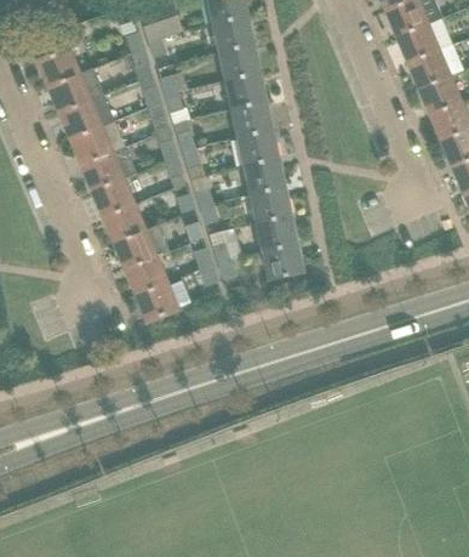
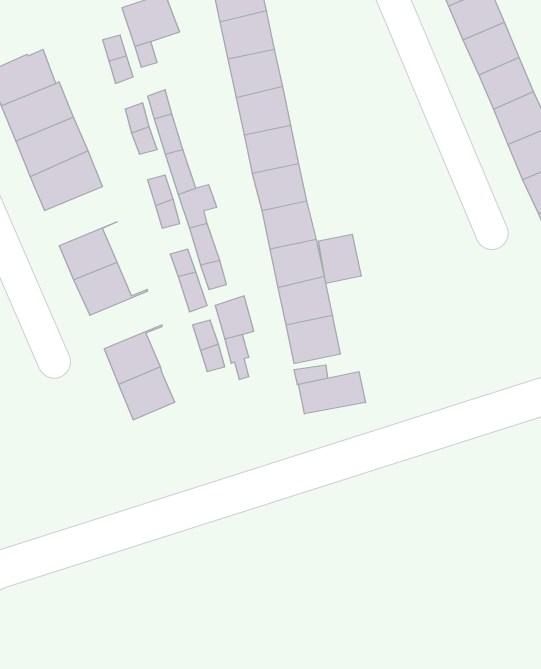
building: [81,148,136,193] -> none
building: none -> [318,234,361,284]
building: [115,227,170,271] -> none
building: none -> [299,372,366,414]

